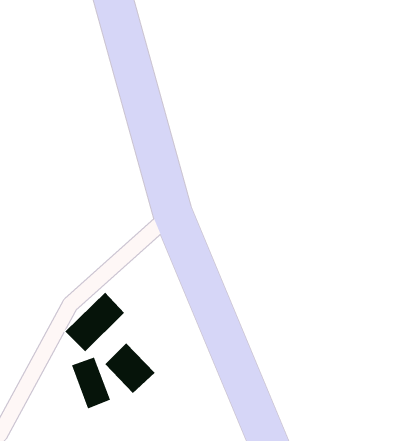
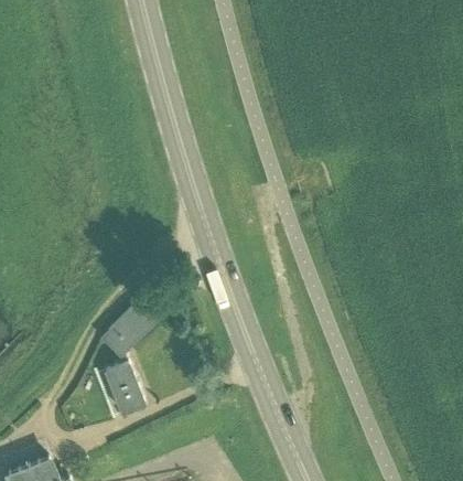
building: [105,343,156,394] -> none

